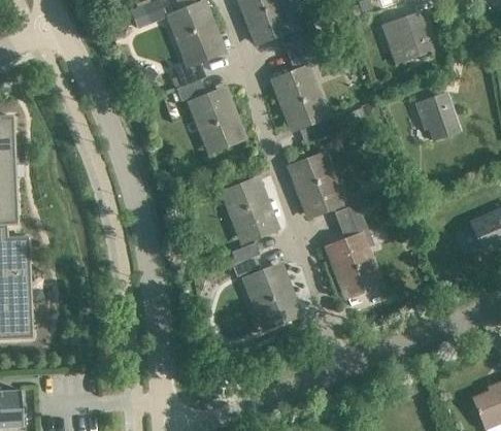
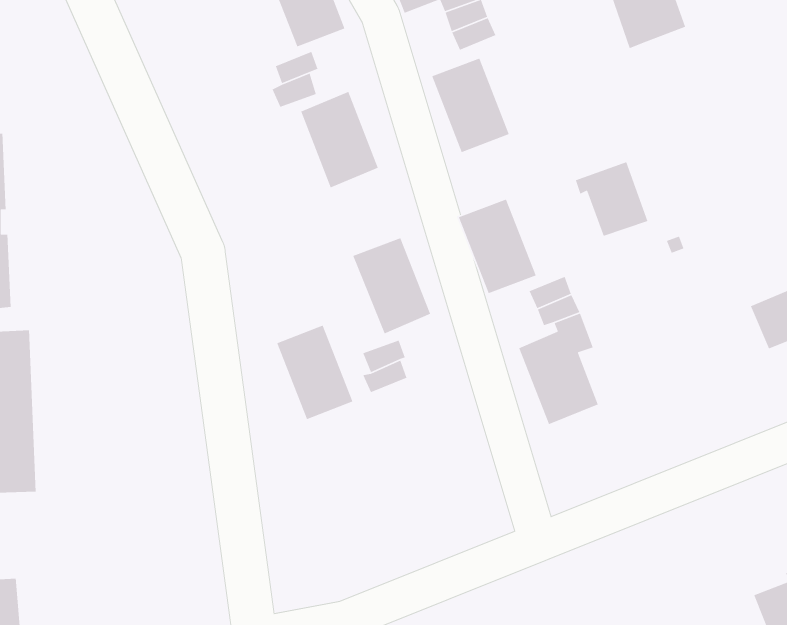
building: [413,94,459,140] -> [575,161,649,237]
building: [248,267,296,326] -> [276,324,353,420]

